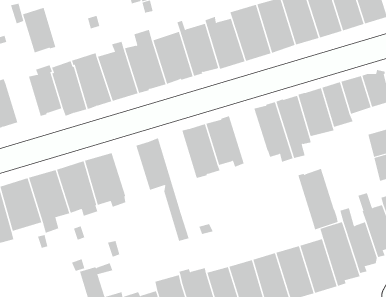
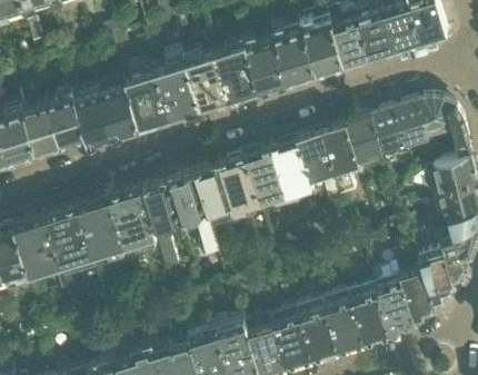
building: [22,7,56,53] -> [23,103,61,155]
building: none -> [192,164,233,256]
building: none -> [141,180,182,270]
building: [298,168,339,230] -> [271,139,317,208]

